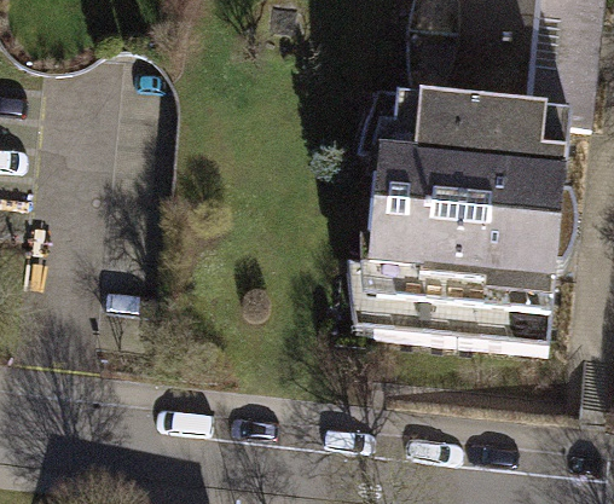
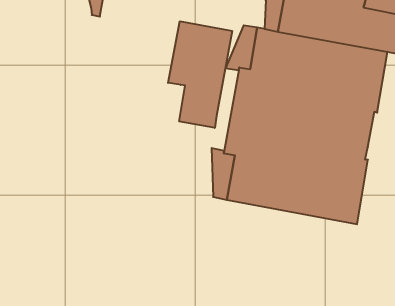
building: none -> [168,21,232,128]

